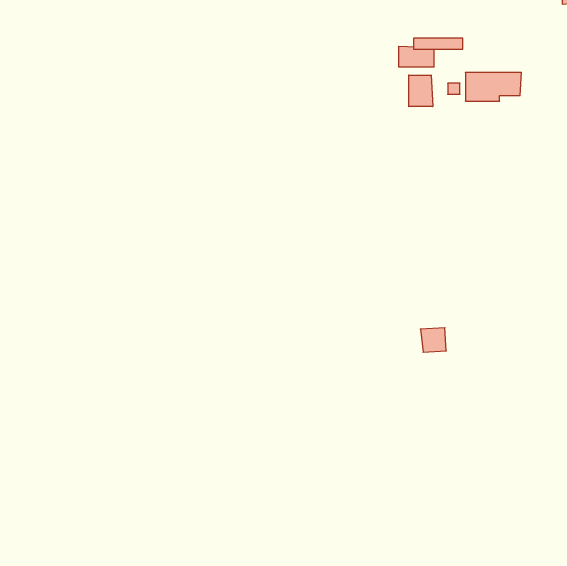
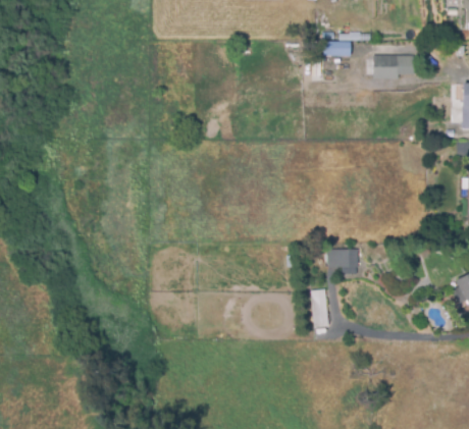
building: [409,75,433,107] -> none
building: none -> [310,287,326,326]

